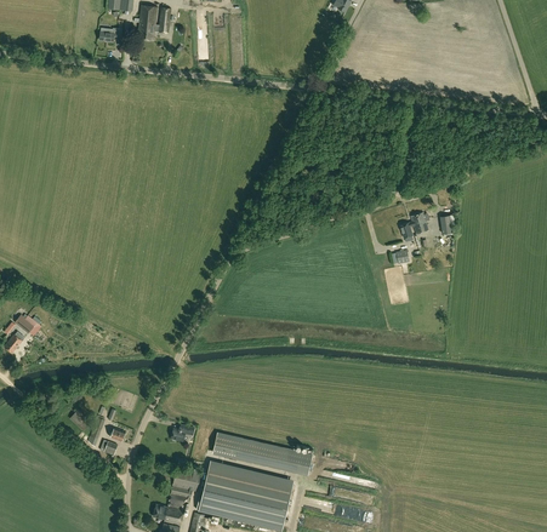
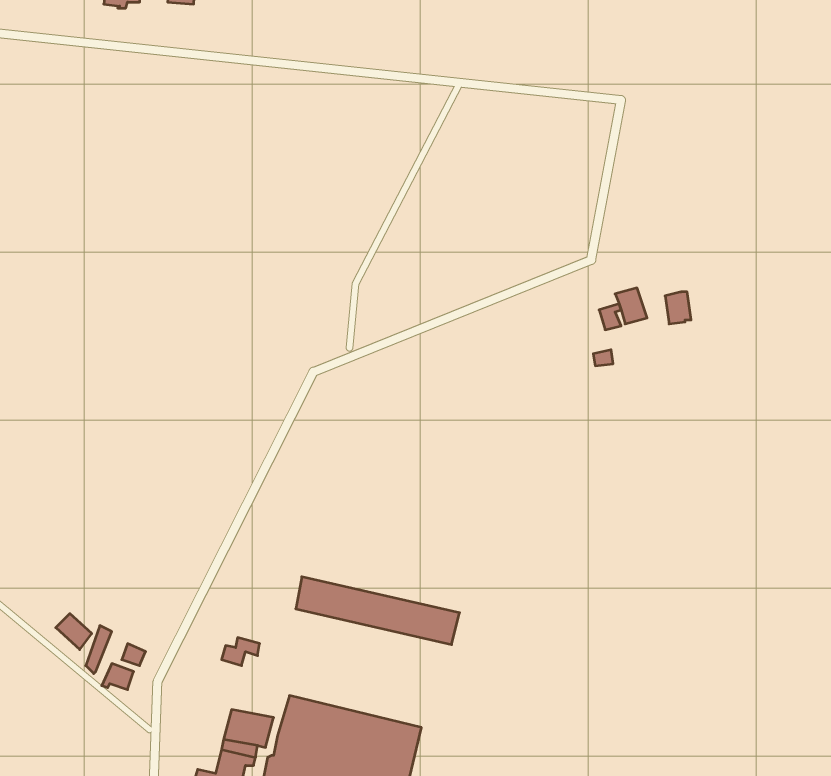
building: [213,434,313,475] -> [296,577,460,645]

